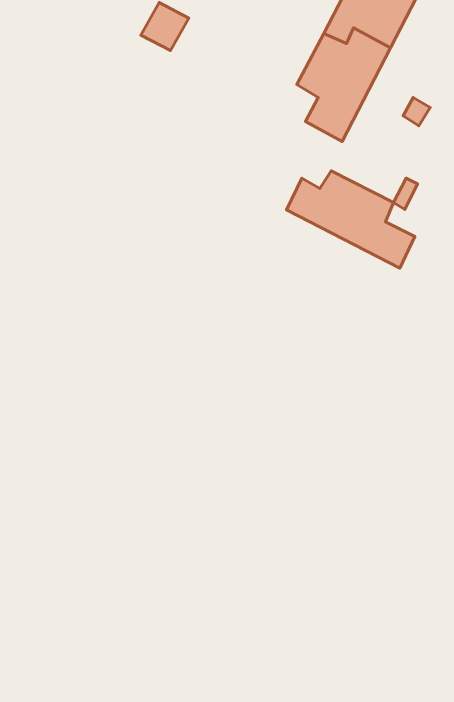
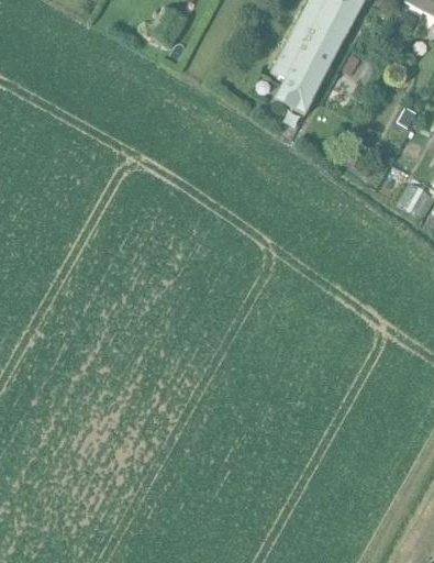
building: [286,171,415,268] -> none

